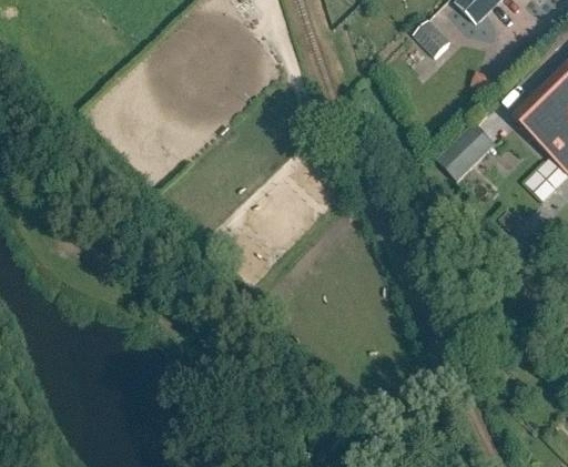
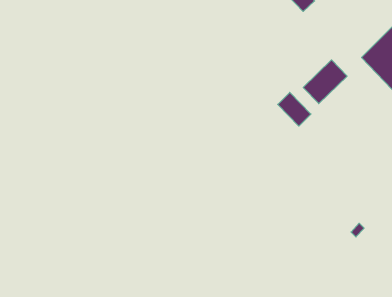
building: none -> [278,92,311,126]

